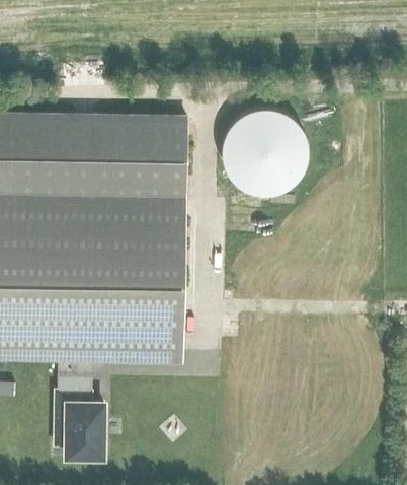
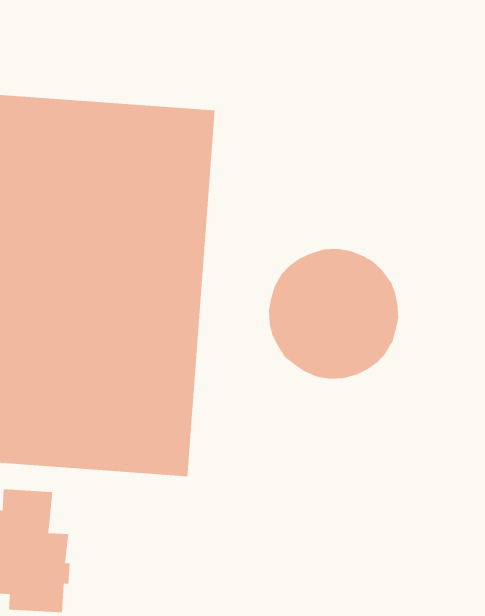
building: [225,110,312,197] -> [268,248,399,379]

